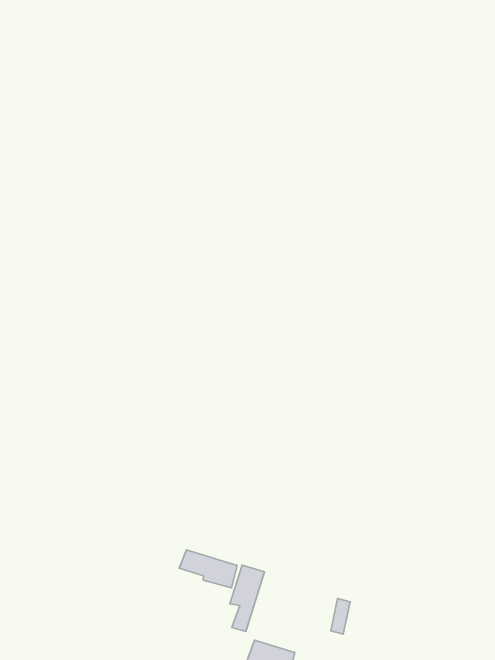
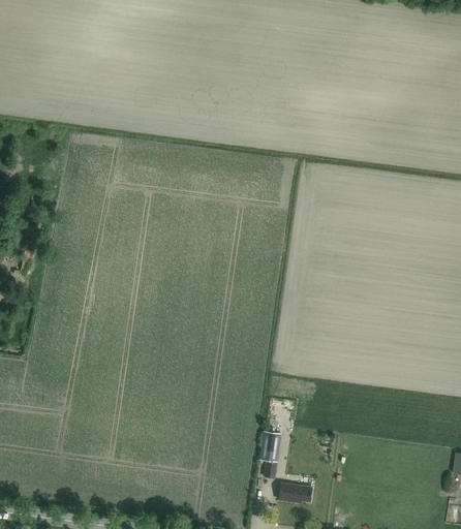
building: [179,550,237,588] -> none

